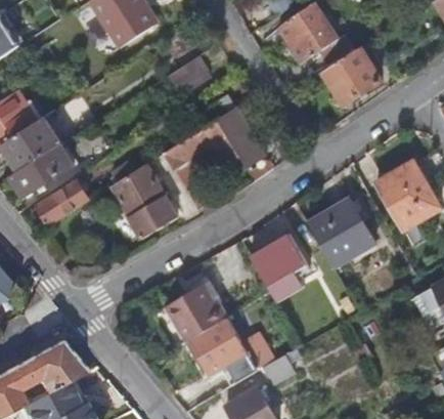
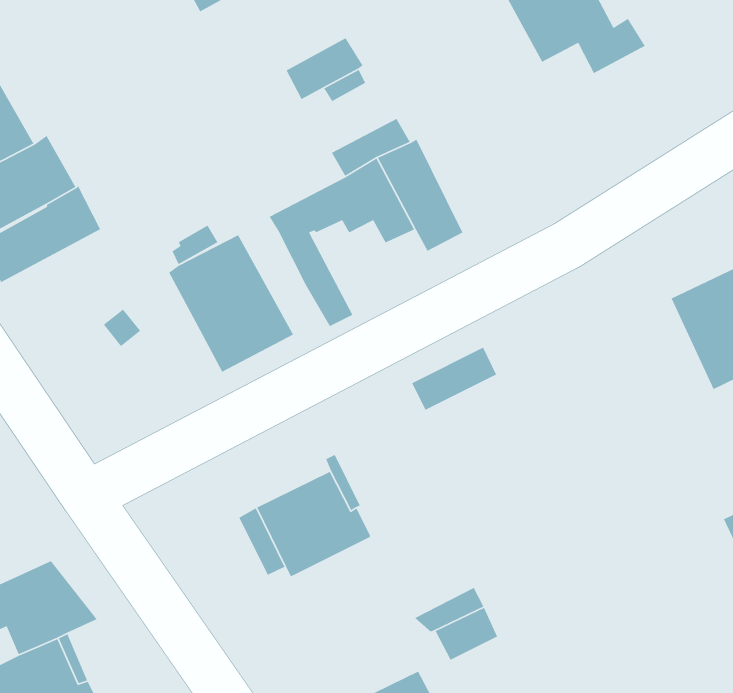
building: [322,46,383,106] -> none
building: [38,180,89,223] -> none
building: [309,199,375,268] -> none
building: [251,235,307,301] -> none
building: [188,319,257,384] -> none

